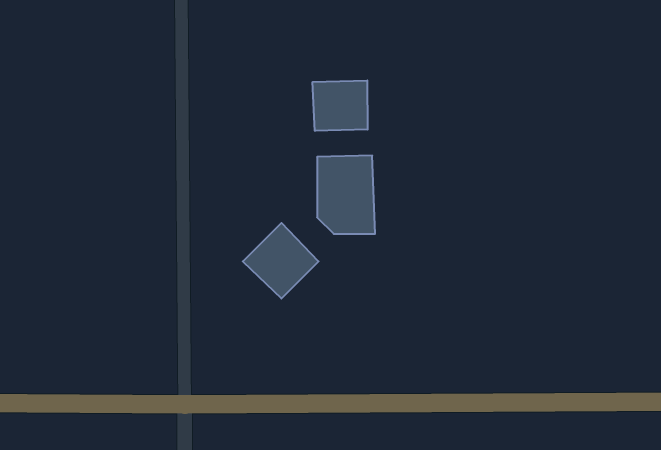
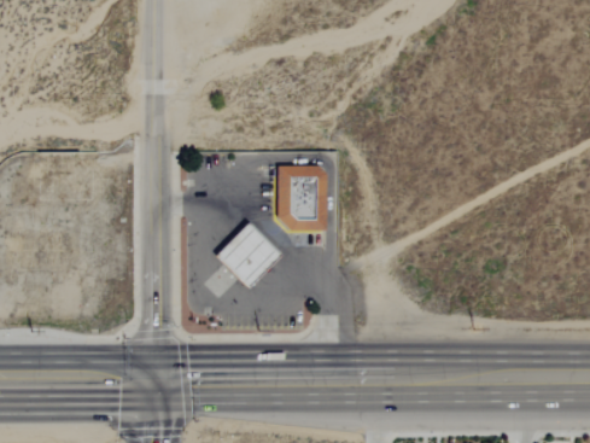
building: [313,80,368,131] -> none

